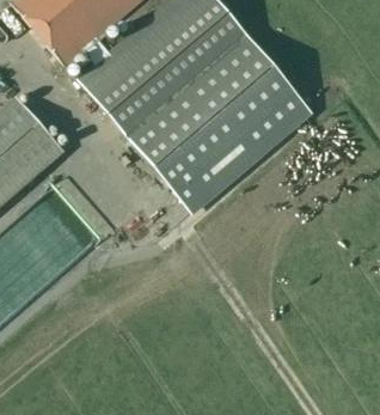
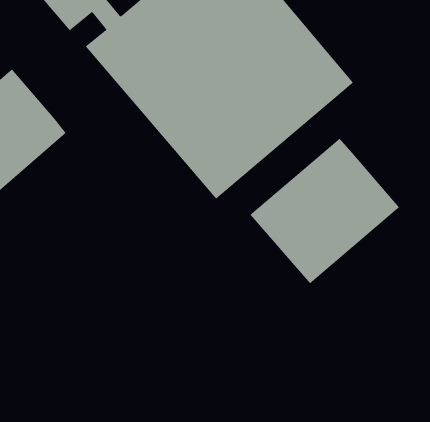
building: none -> [250,138,400,284]

